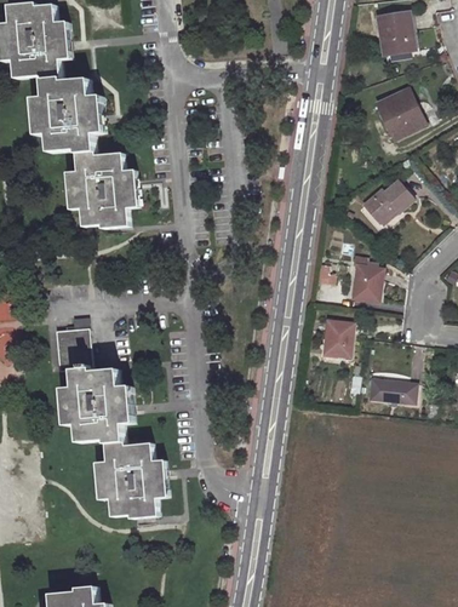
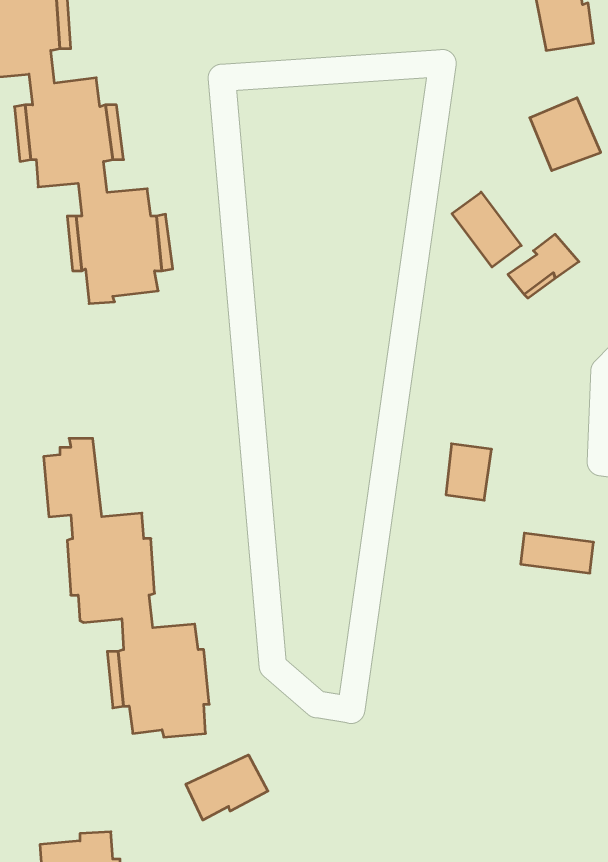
building: none -> [452,192,521,267]
building: [349,265,382,302] -> none
building: none -> [186,755,268,820]

